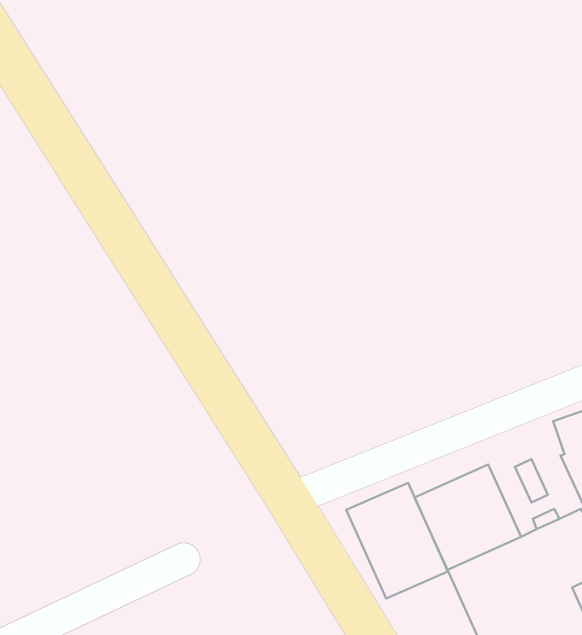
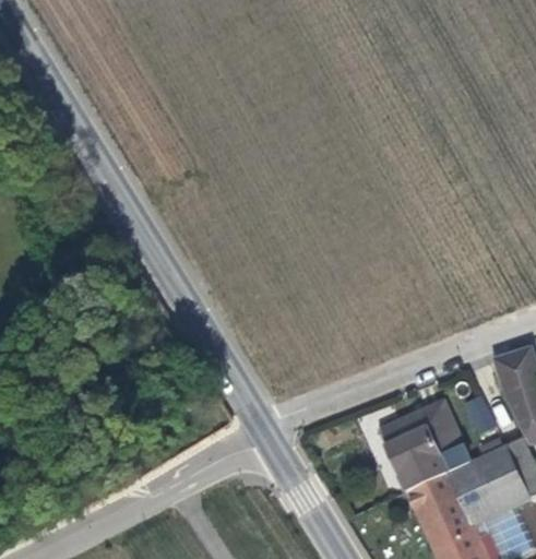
building: [346,483,448,599] -> none

